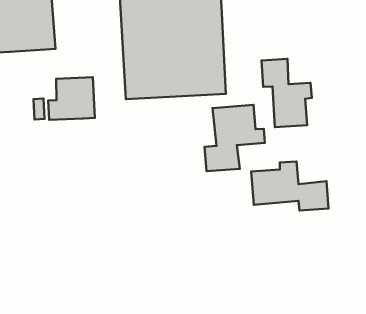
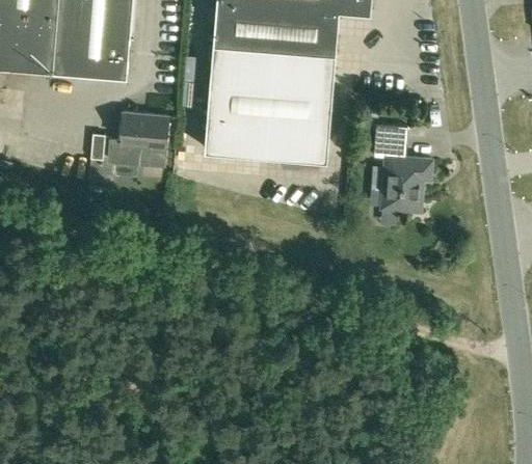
building: [205,105,265,171] -> none
building: [251,161,328,210] -> none

